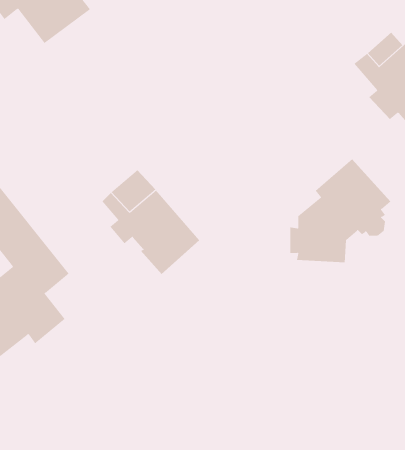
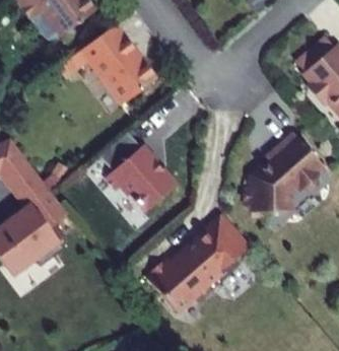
building: none -> [66,26,151,108]
building: none -> [152,223,246,311]

